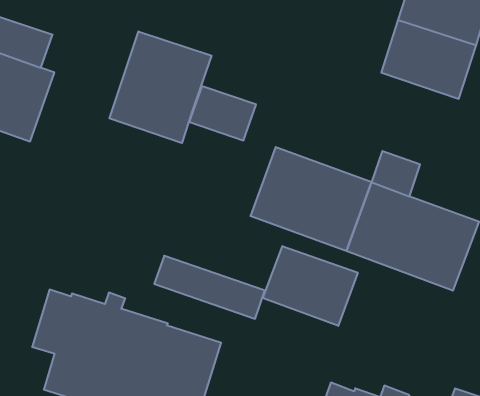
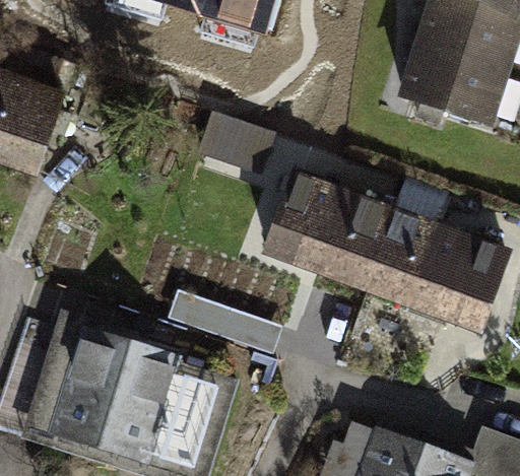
building: [109,31,212,143] -> none
building: [263,246,358,326] -> none

